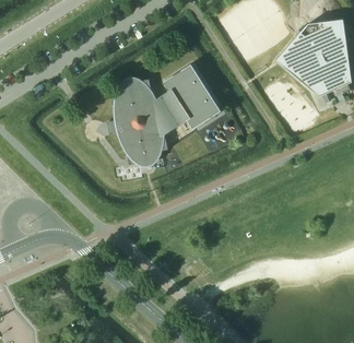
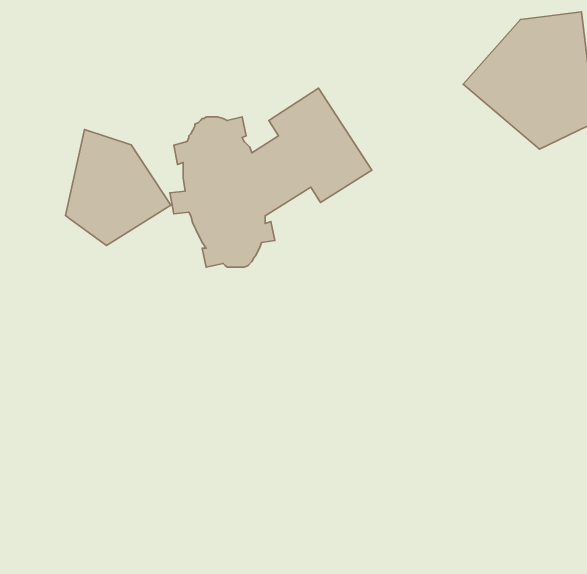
building: none -> [65,129,171,245]

